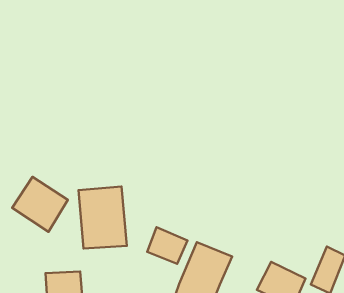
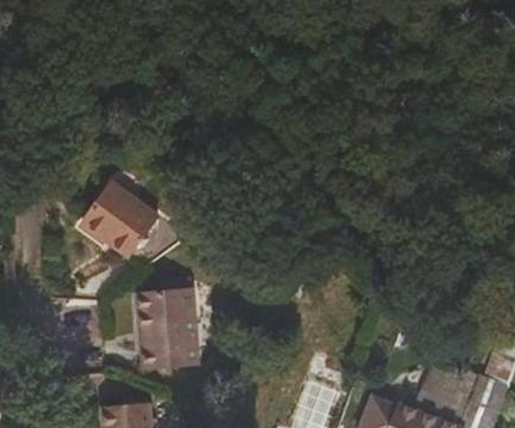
building: [12,177,68,232] -> [84,181,159,255]
building: [147,227,188,264] -> none

